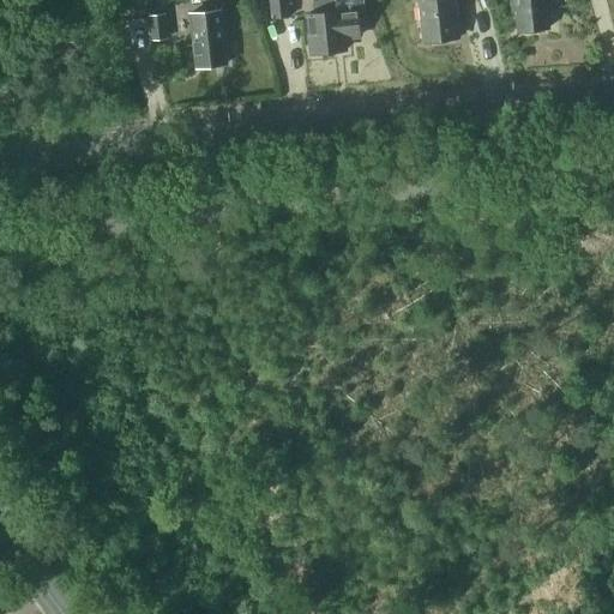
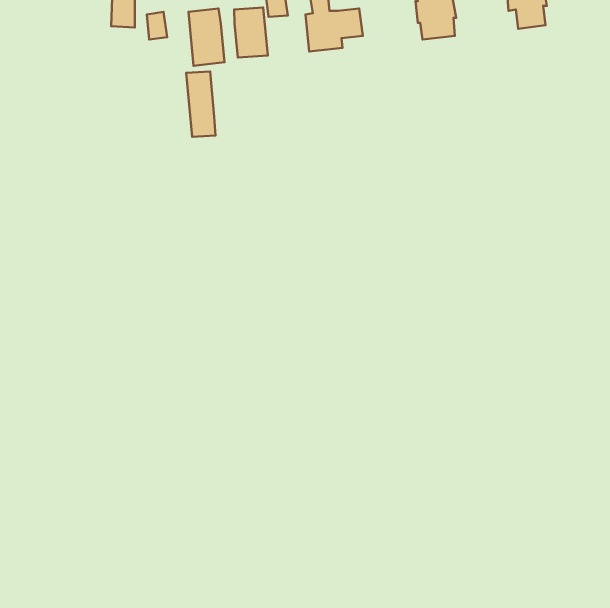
building: none -> [234,7,268,58]
building: none -> [186,71,215,137]

